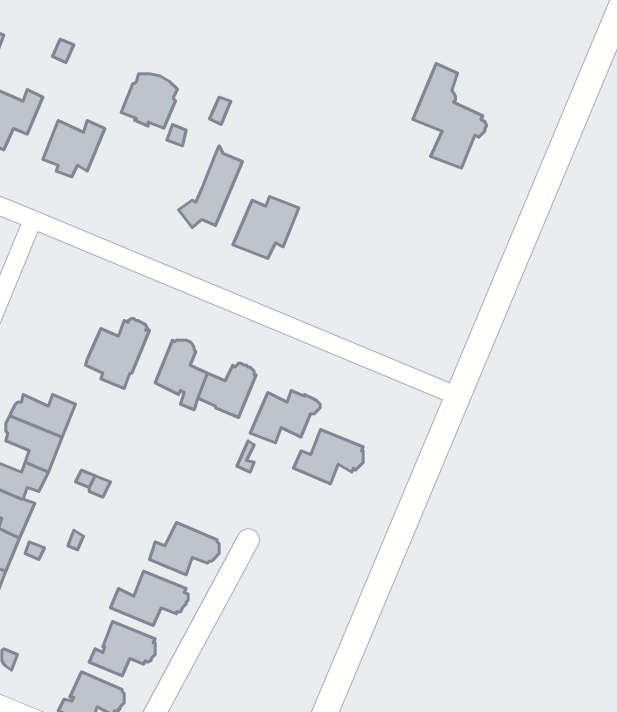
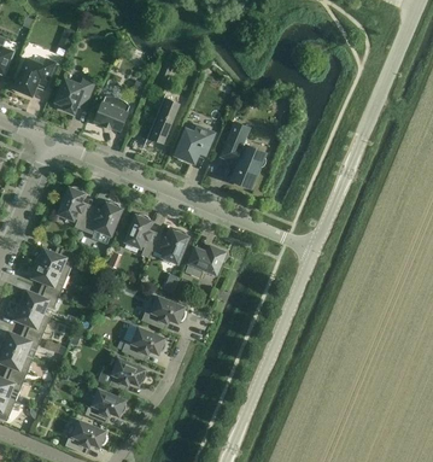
building: [413,63,487,168] -> [221,121,267,186]
building: [121,74,177,128] -> [94,95,129,129]
building: none -> [58,186,92,229]
building: [293,429,363,484] -> [141,296,185,329]

